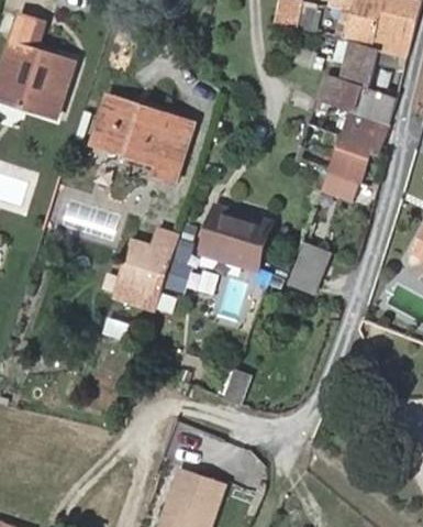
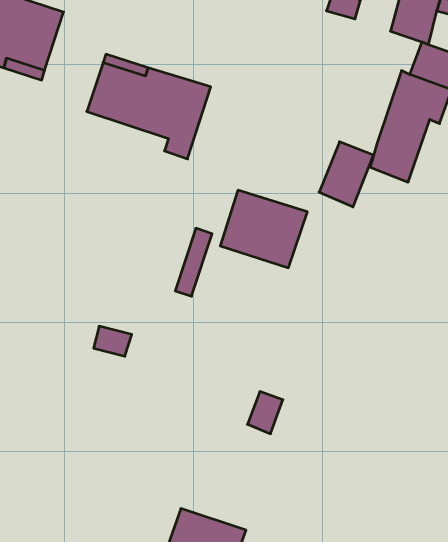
building: [319,75,365,113] -> none
building: [112,228,181,310] -> none
building: [289,242,333,295] -> [319,142,374,207]

